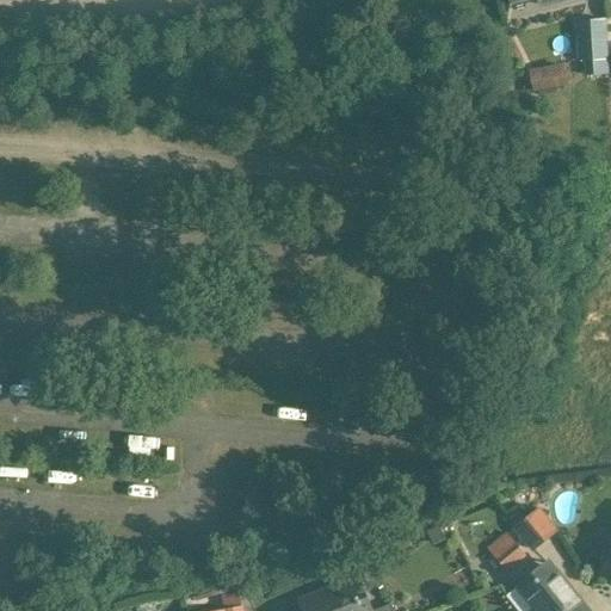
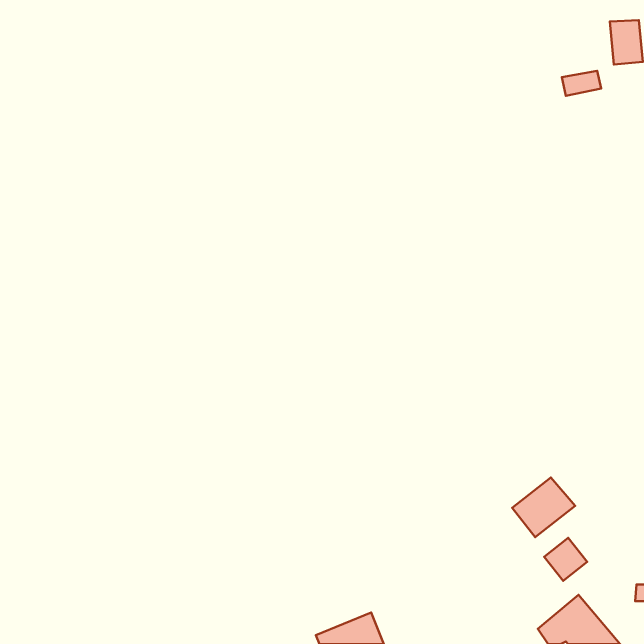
building: none -> [512,477,575,537]
building: [481,533,526,579] -> none

